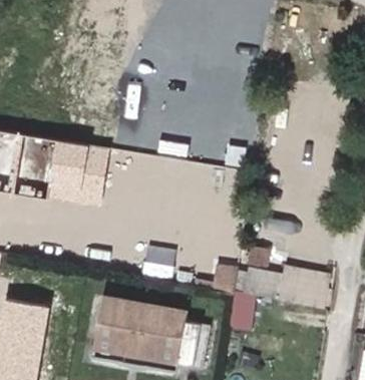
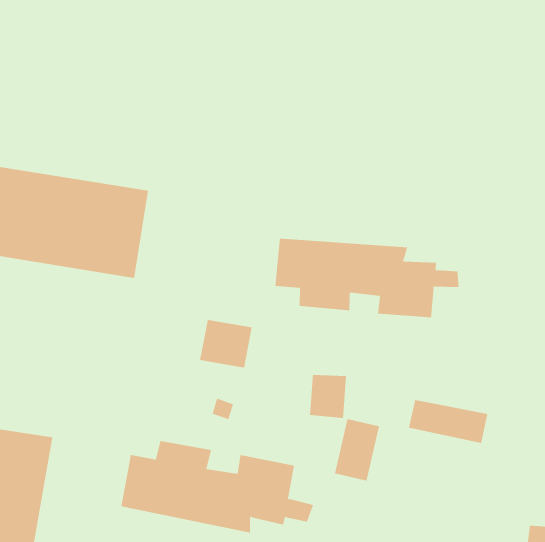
building: none -> [275,238,459,318]

